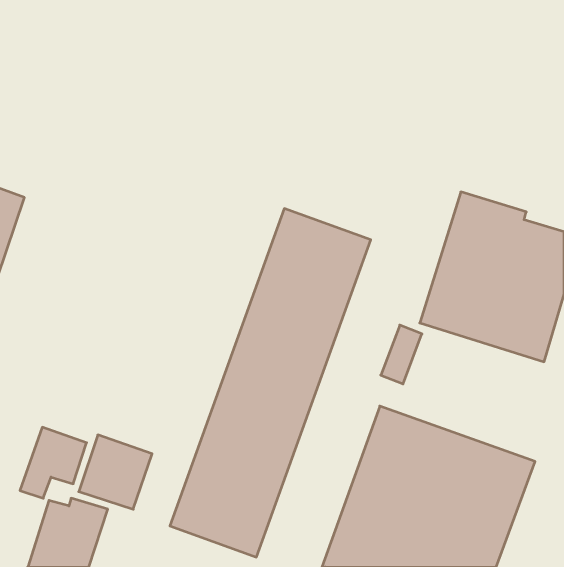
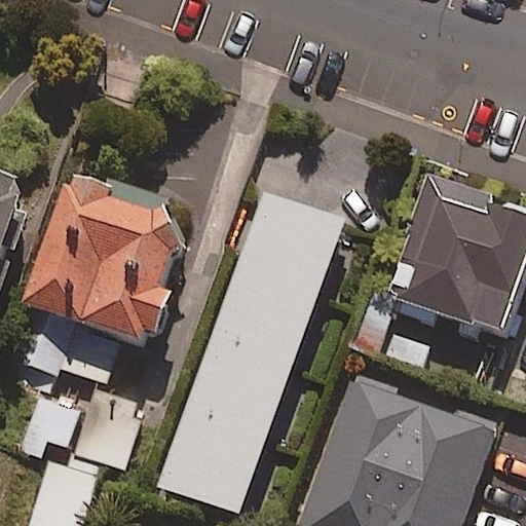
building: none -> [17,181,185,385]

